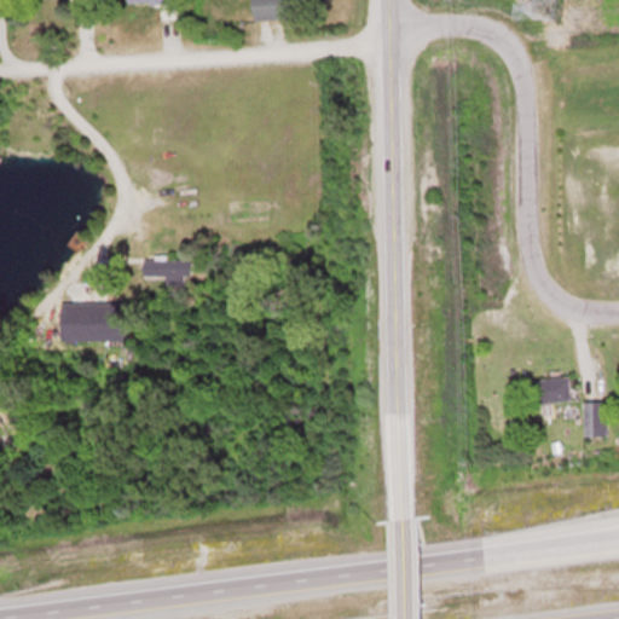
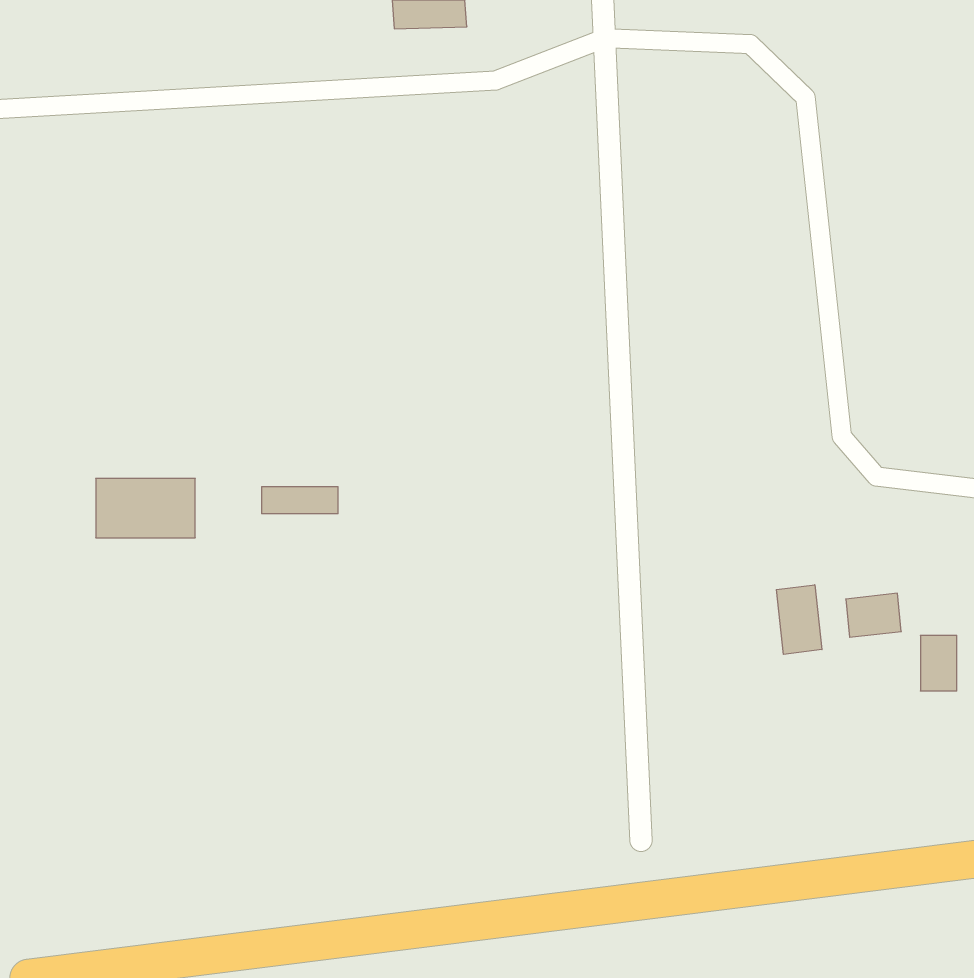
building: [141,260,190,277] -> [262,487,338,514]
building: none -> [776,585,822,654]

